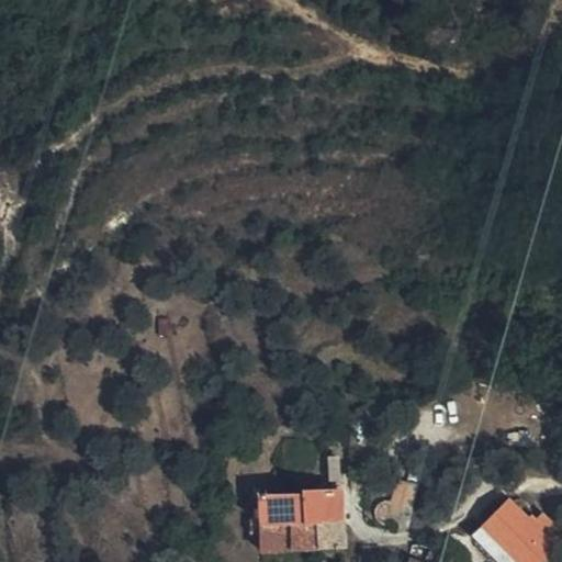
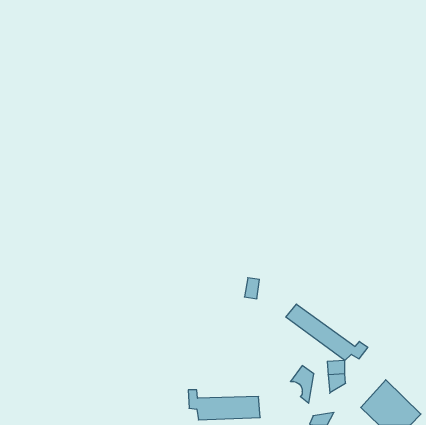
building: none -> [286,304,368,361]
building: [260,491,341,522] -> none

